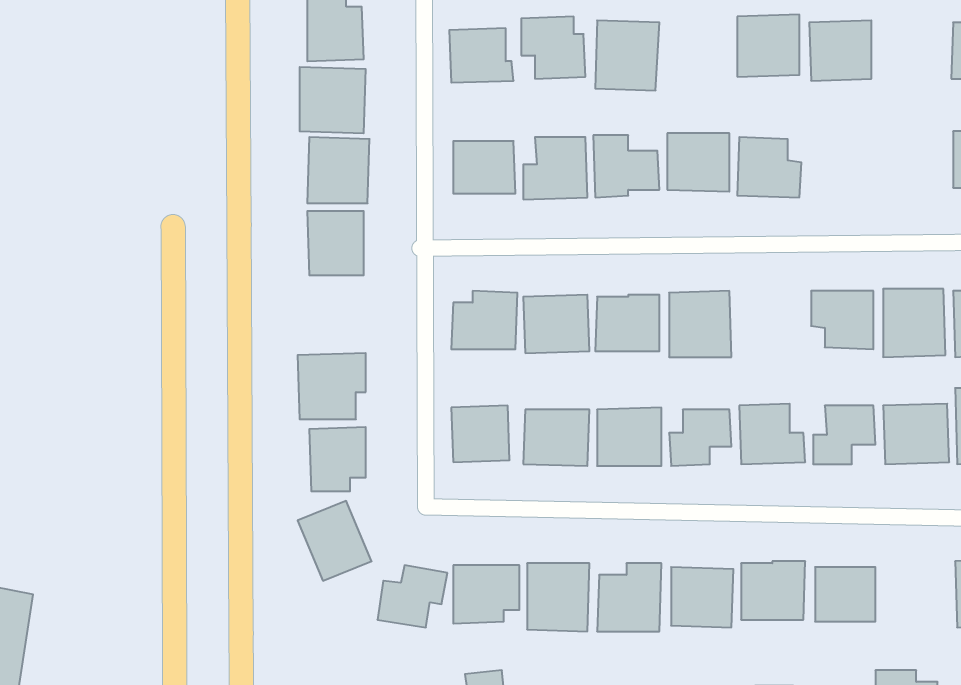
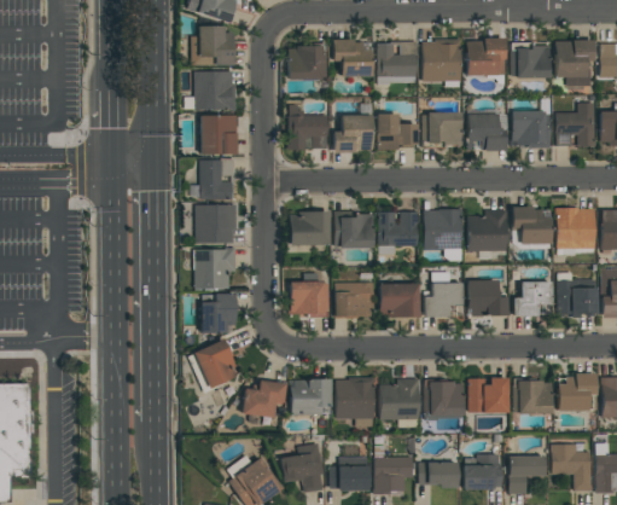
building: none -> [555,39,595,87]
building: none -> [424,40,462,82]
building: none -> [557,101,596,146]
building: none -> [512,109,551,149]
building: none -> [197,204,237,244]
building: none -> [468,211,508,252]
building: none -> [559,373,596,412]

